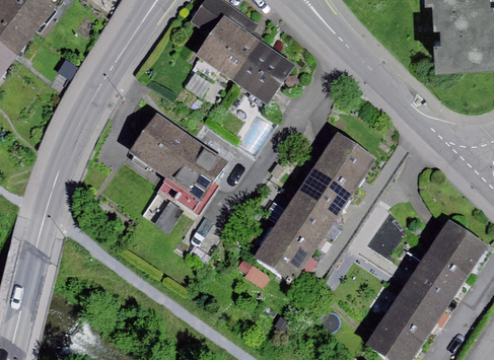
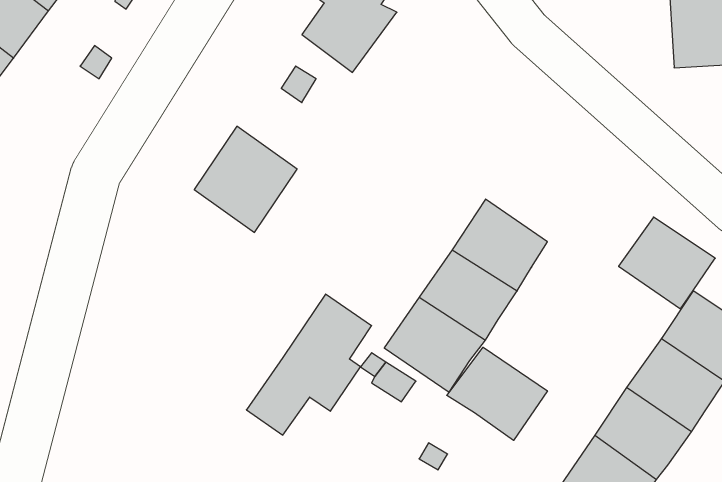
building: [231,40,293,102] -> none
building: [316,128,378,187] -> [619,217,715,309]
building: [145,140,225,230] -> [246,294,372,435]
building: none -> [447,347,547,440]

